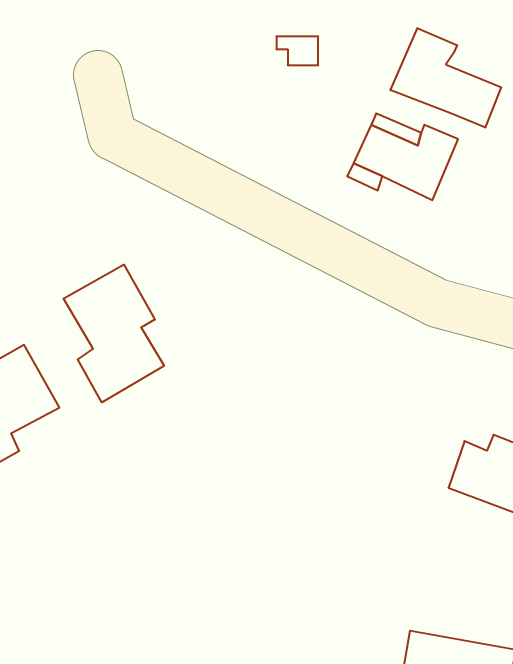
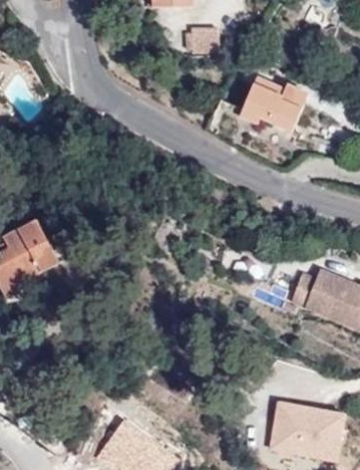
building: [390,28,501,128] -> none
building: [63,265,164,402] -> none

